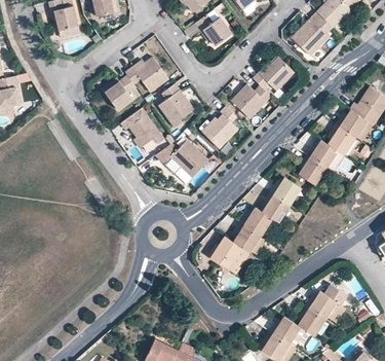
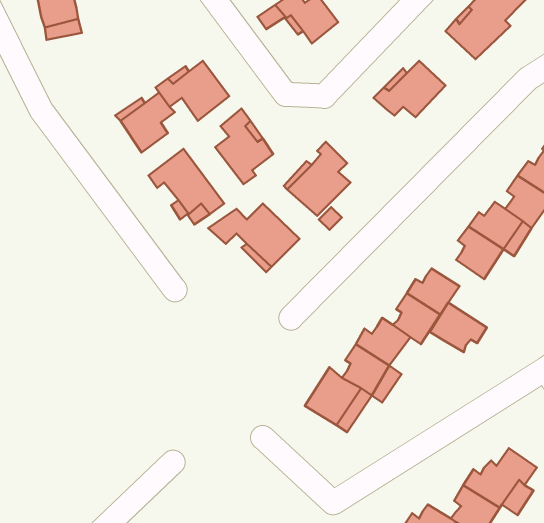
building: [231,83,271,118] -> none
building: none -> [430,303,487,352]

